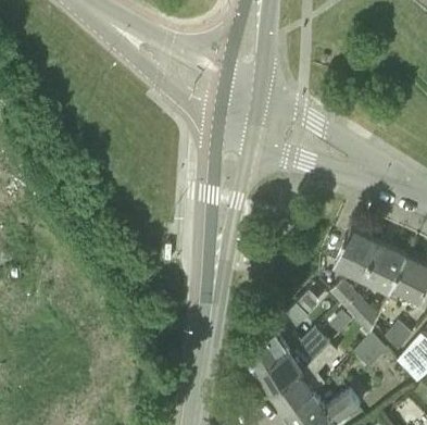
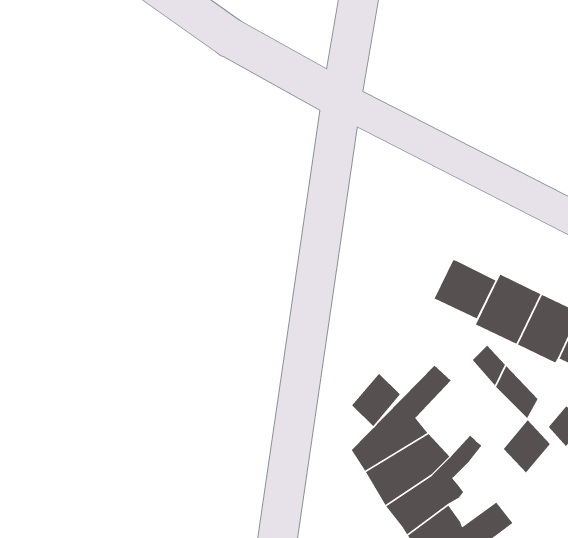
building: none -> [434,259,496,320]
building: none -> [351,373,401,427]

